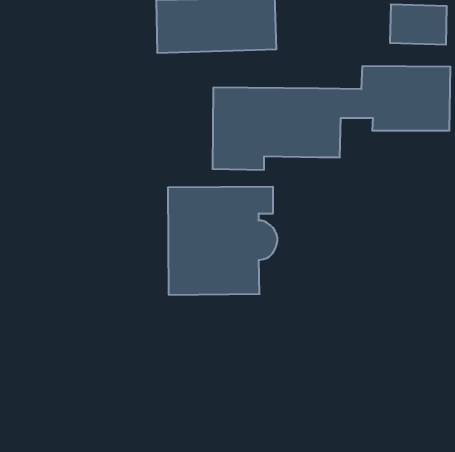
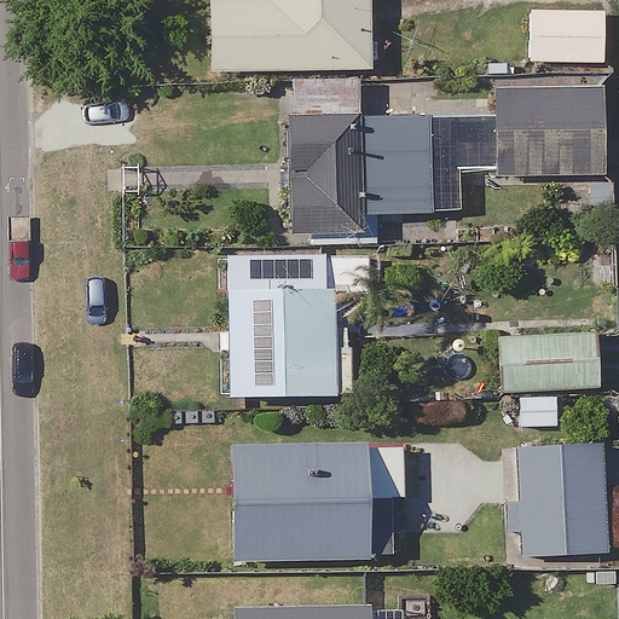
building: none -> [501,331,611,418]
building: none -> [504,446,601,554]
building: none -> [233,447,395,560]

